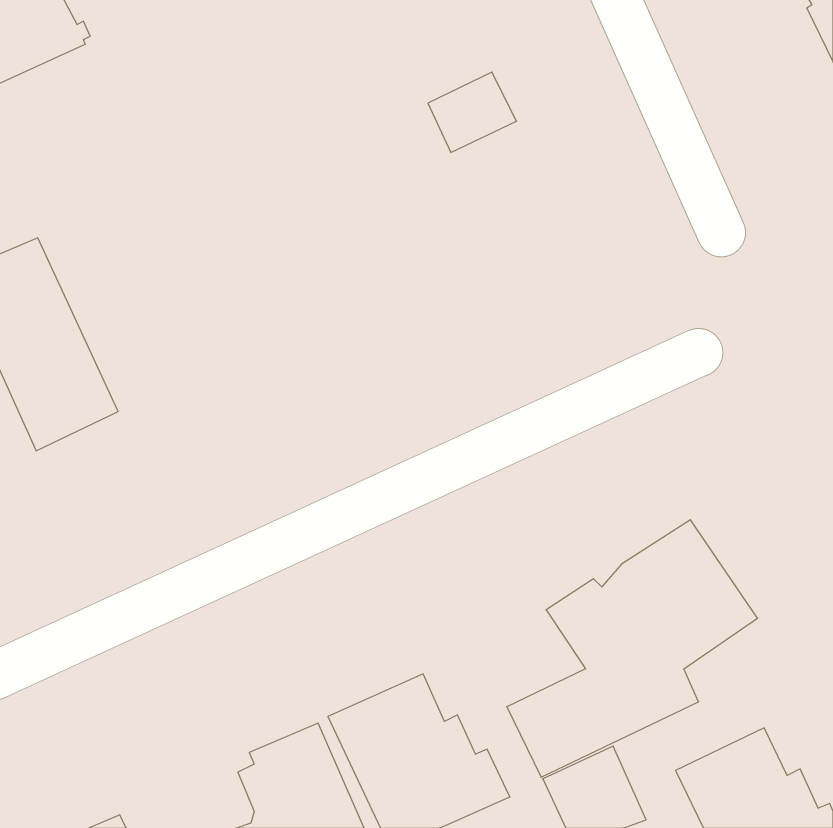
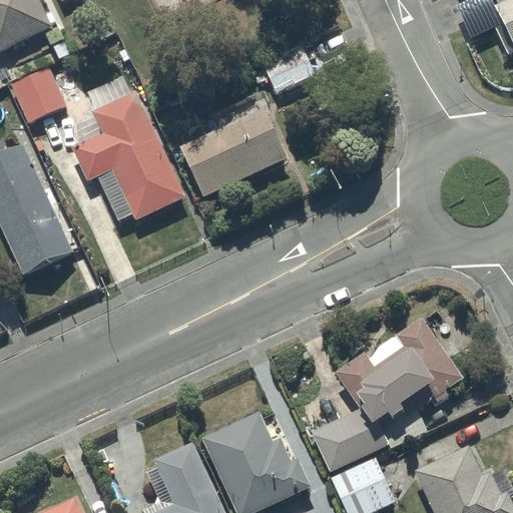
building: none -> [9,66,66,123]
building: none -> [71,74,184,221]
building: none -> [179,96,288,197]

